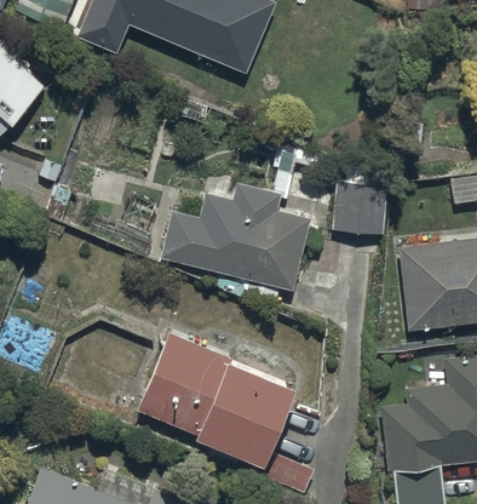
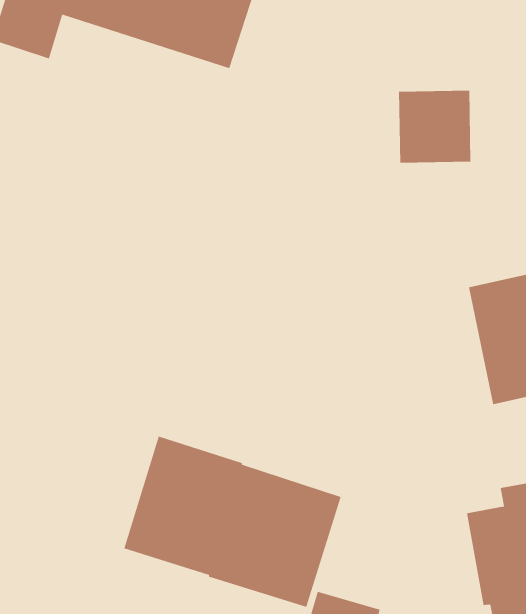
building: [333,178,387,233] -> [398,90,471,163]
building: [161,181,310,288] -> none

